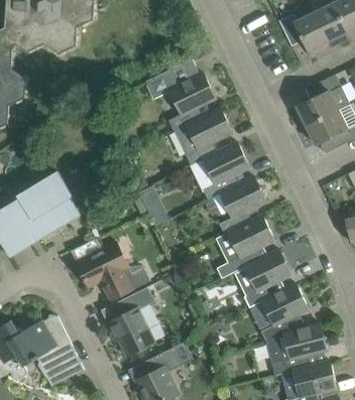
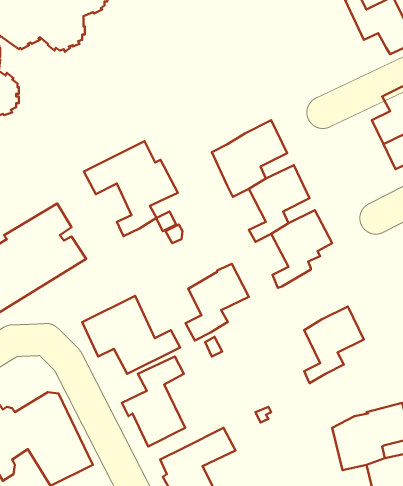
building: [144,58,216,131] -> [84,141,178,236]
building: [226,215,274,273] -> [185,264,249,340]
building: [261,283,308,342] -> none

